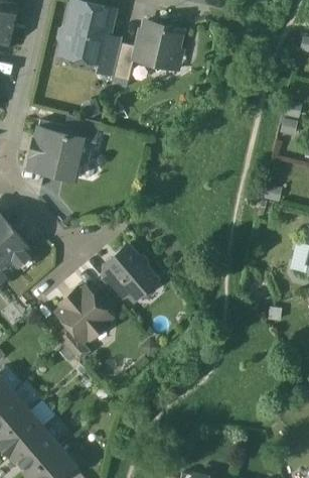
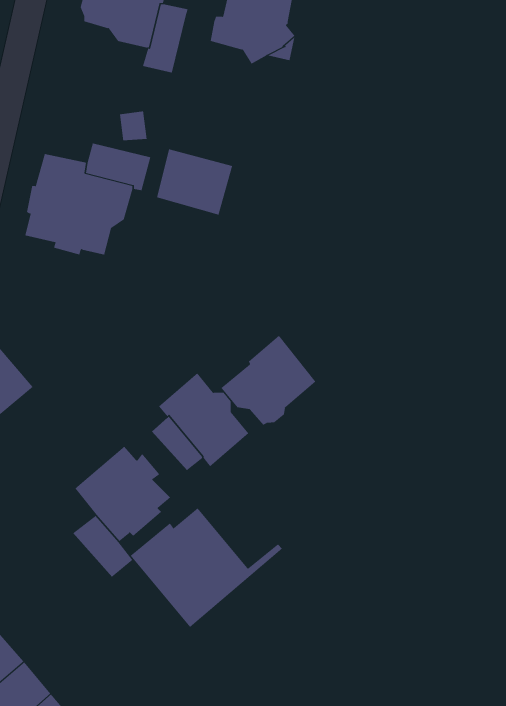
building: [113,42,136,80] -> none
building: none -> [156,149,233,216]
building: none -> [221,335,316,425]
building: none -> [130,508,283,628]

